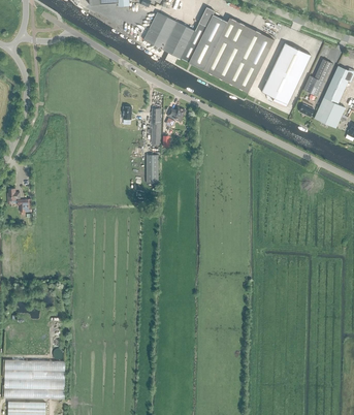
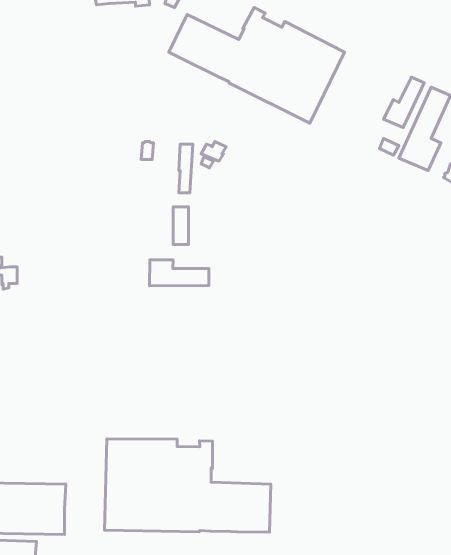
building: [261,42,311,106] -> none
building: none -> [150,260,209,286]
building: none -> [105,439,271,532]

